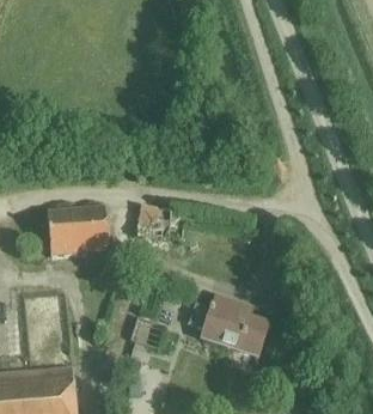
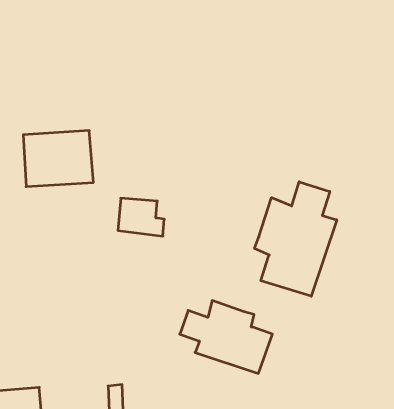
building: none -> [255,182,337,296]
building: [49,205,109,252] -> [23,131,93,187]

